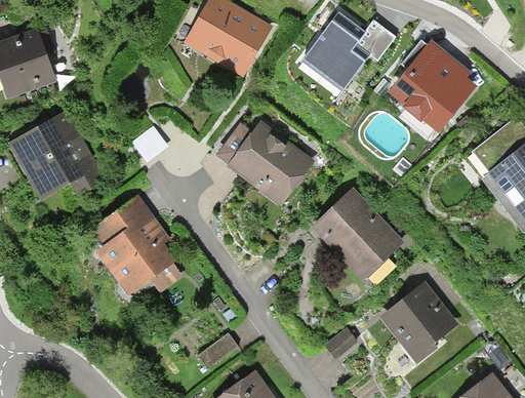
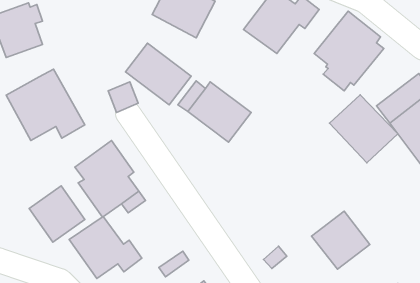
building: none -> [125,43,191,105]
building: [316,193,400,277] -> [330,95,398,163]
building: none -> [29,186,85,242]
building: none -> [69,216,142,278]

